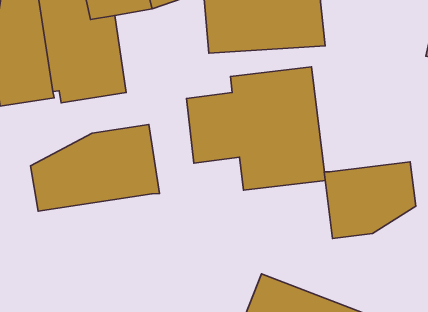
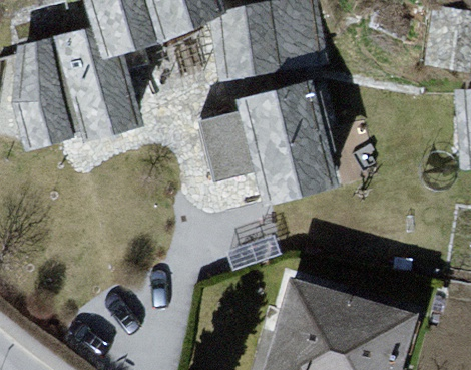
building: [30,125,159,211] -> none
building: [324,162,416,238] -> none

